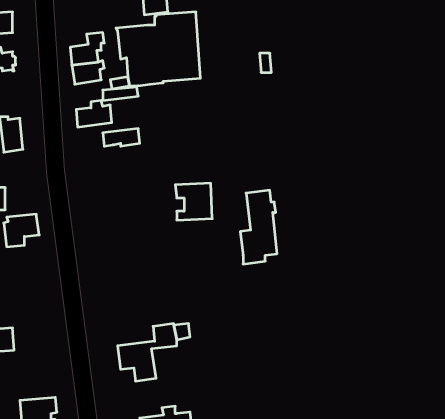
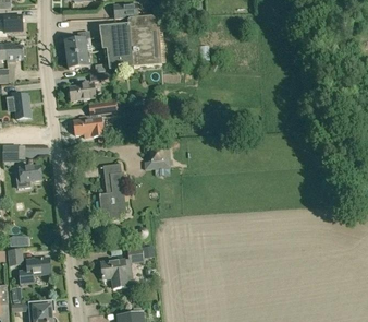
building: none -> [72,112,103,135]
building: [240,190,277,264] -> [99,163,126,217]
building: none -> [20,257,50,283]

